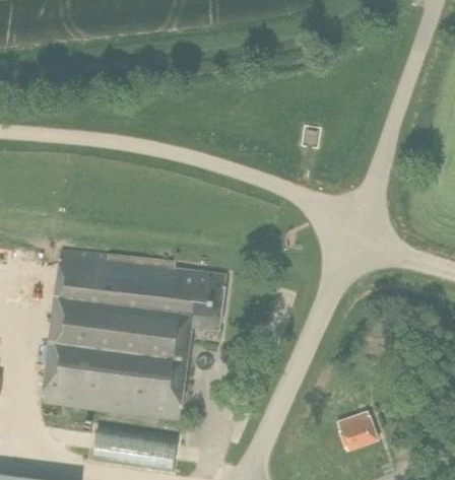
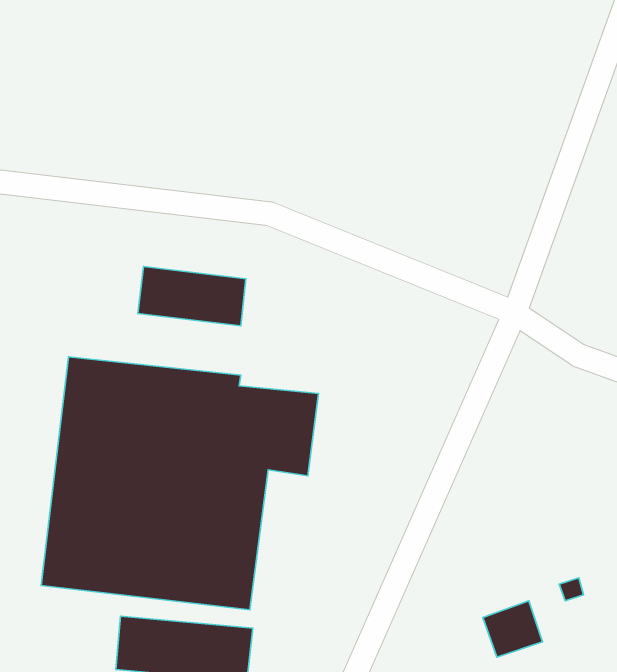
building: none -> [138,267,246,326]

